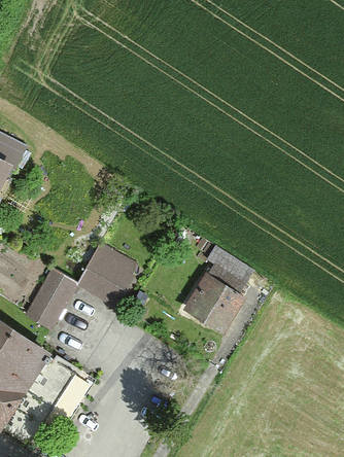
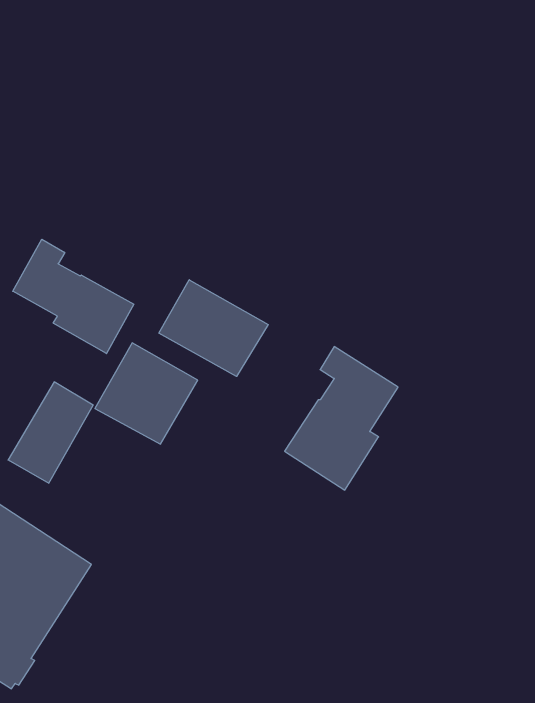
building: none -> [13,239,134,354]
building: none -> [159,280,268,376]

